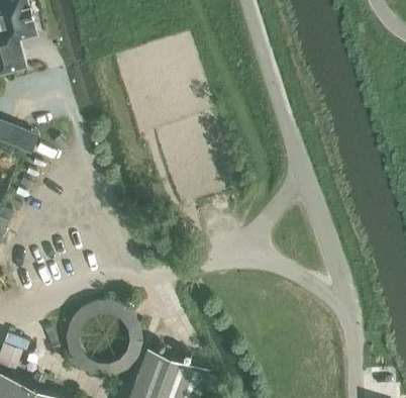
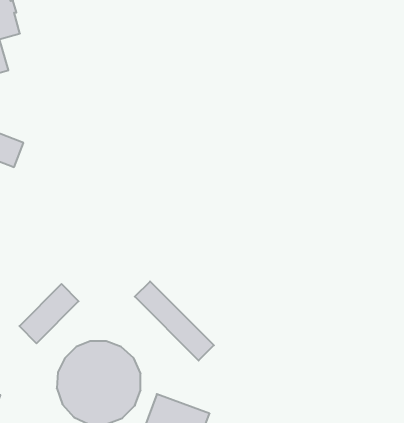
building: none -> [135,281,214,361]
building: none -> [19,284,79,343]

